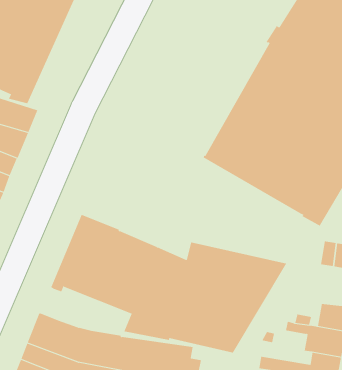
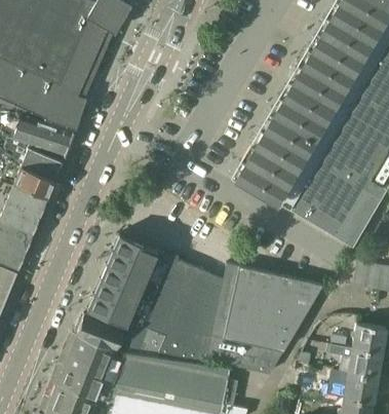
building: none -> [75,308,167,356]

